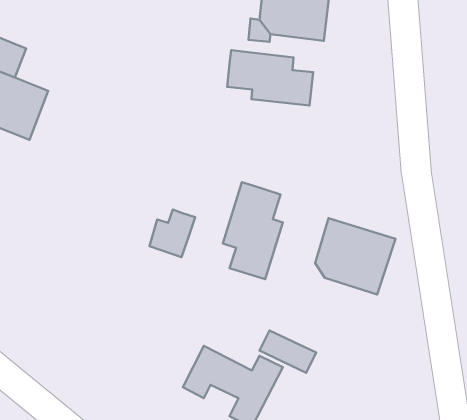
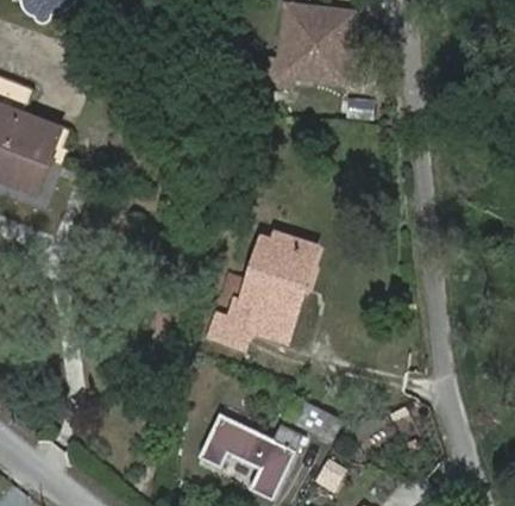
building: [227,50,313,105] -> none
building: [149,209,195,257] -> [207,300,256,351]
building: [315,218,395,295] -> none

